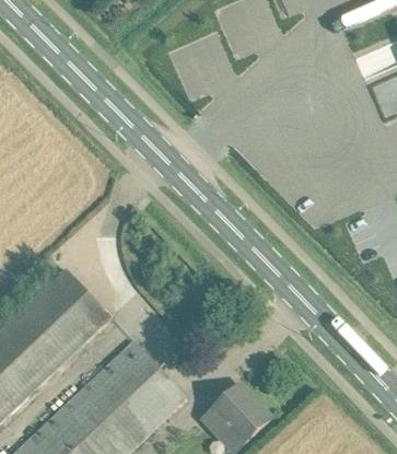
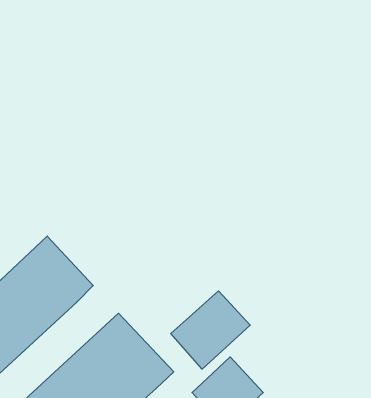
building: none -> [171,291,250,369]

